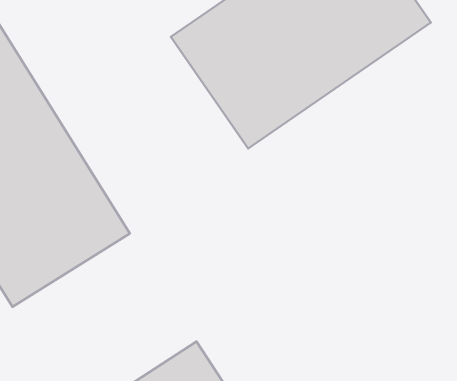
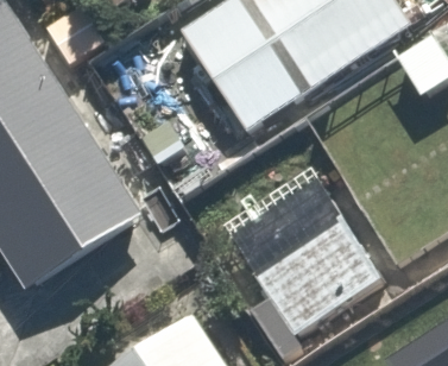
building: none -> [248,216,380,341]

